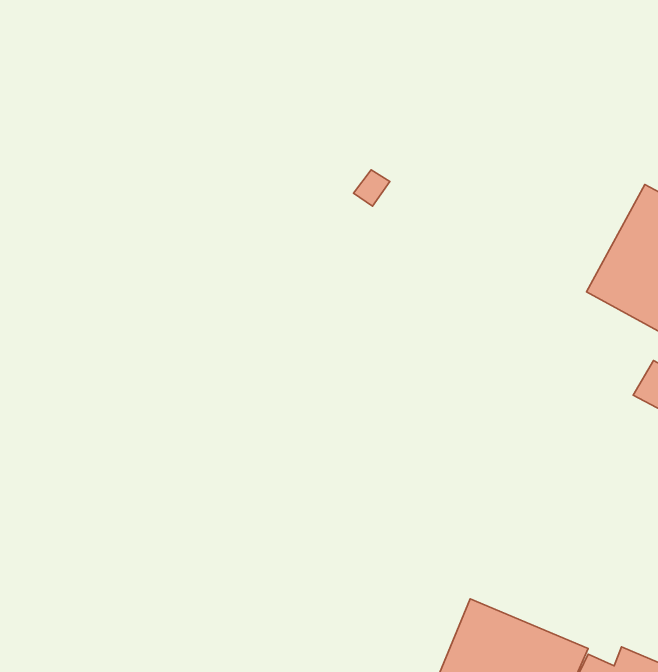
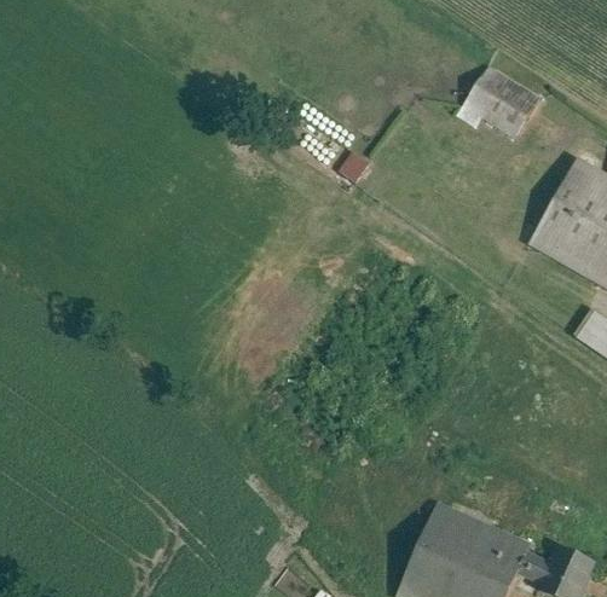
building: none -> [456,58,540,134]

